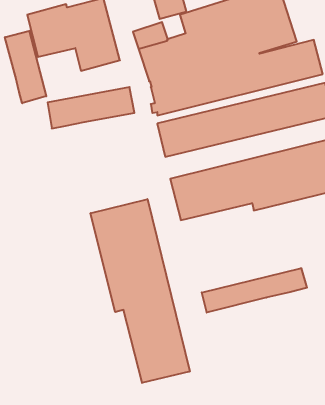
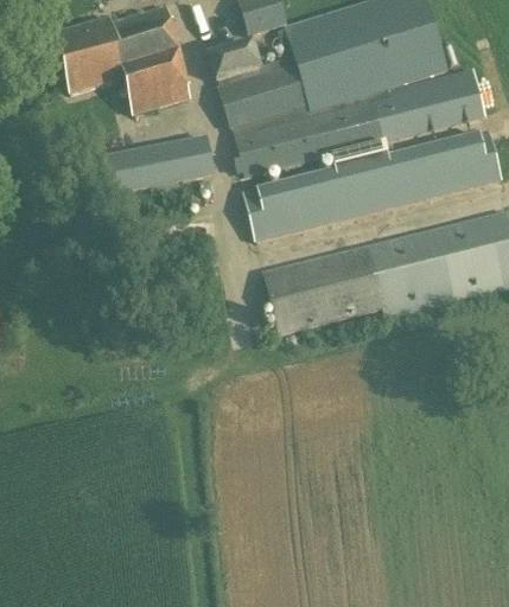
building: [5,31,46,103] -> none
building: [91,199,190,383] -> none
building: [202,268,307,313] -> none

